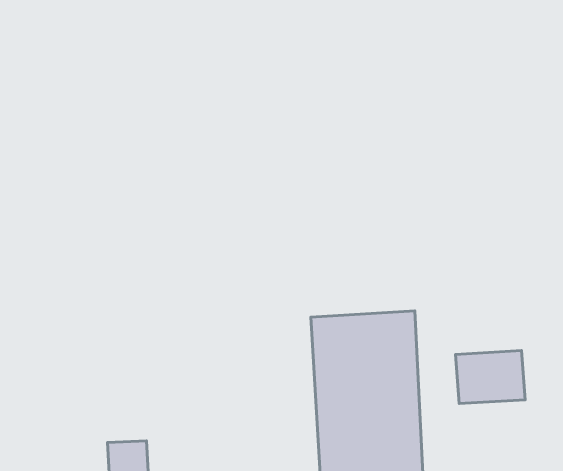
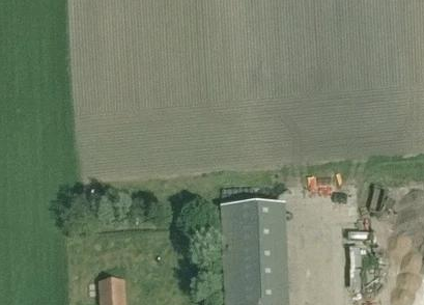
building: [455,351,525,404] -> none

